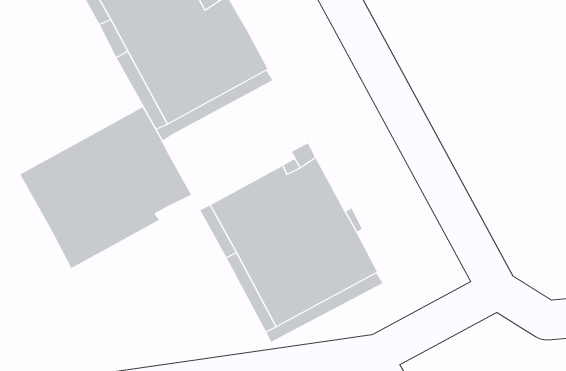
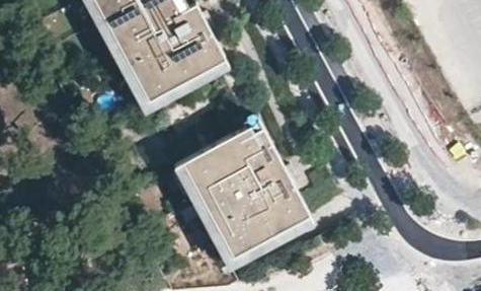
building: [20,106,192,269] -> none

